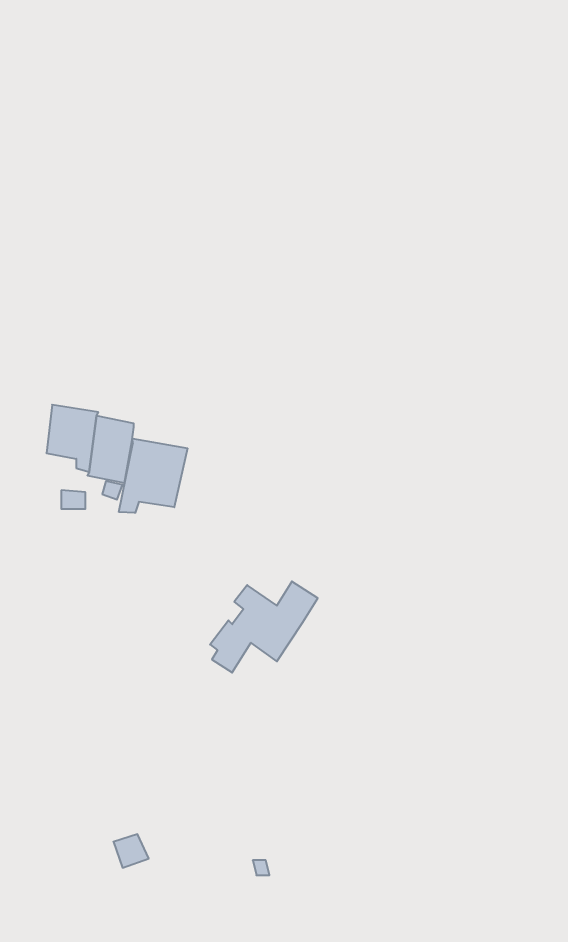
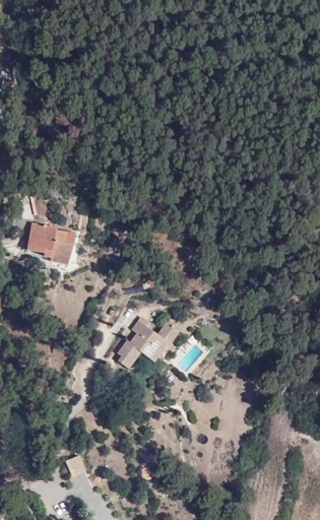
building: [119,438,187,513] -> none

